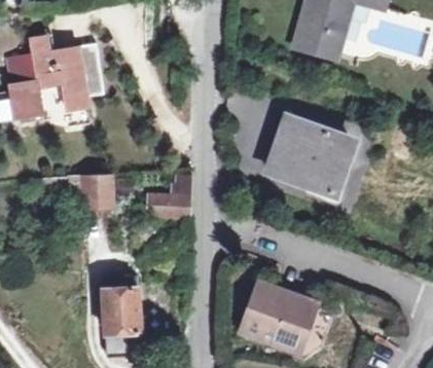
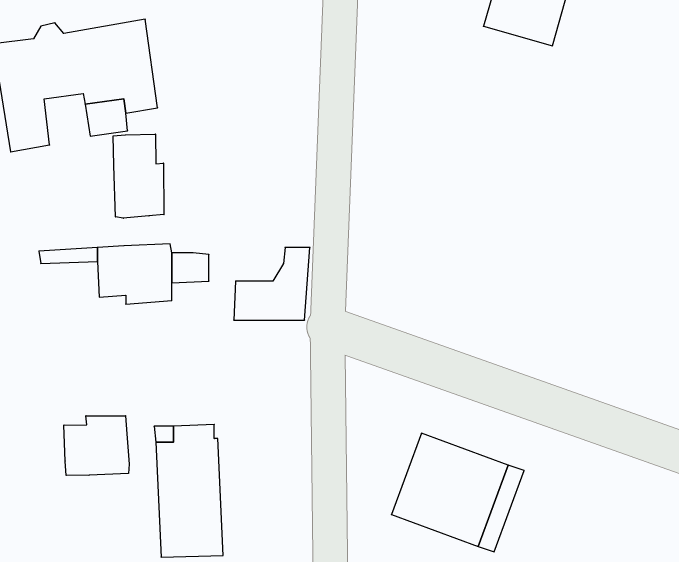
building: none -> [113,134,164,218]
building: [267,116,351,192] -> none
building: none -> [64,416,129,475]

